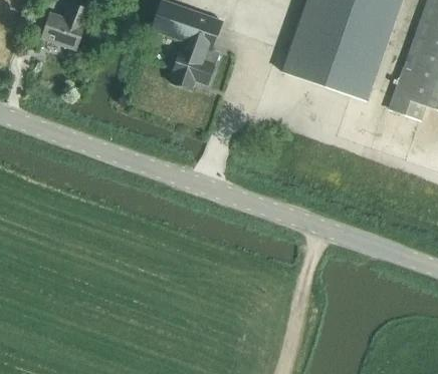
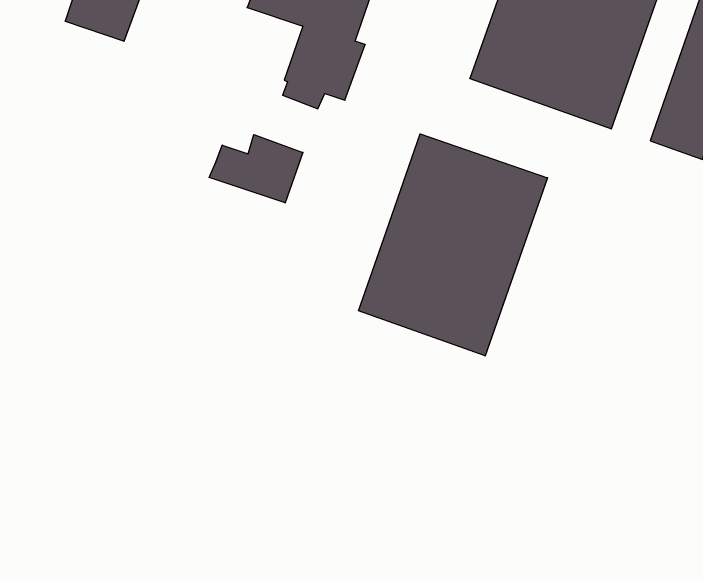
building: none -> [359,134,548,356]
building: none -> [209,135,303,203]

